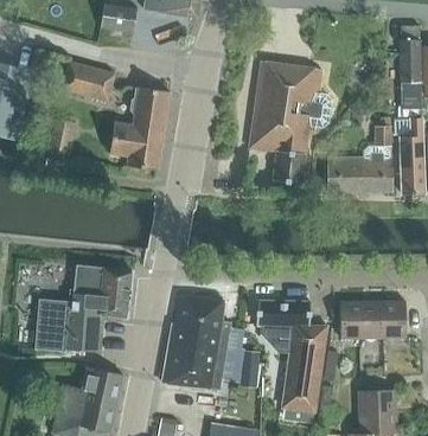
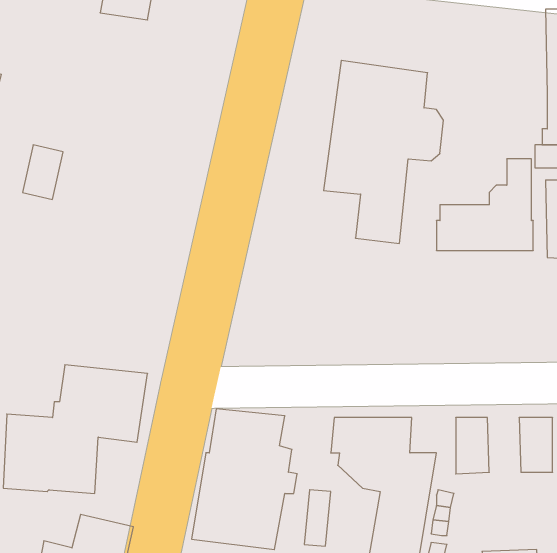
building: [60,62,114,102] -> none
building: [110,88,168,169] -> none
building: [362,301,384,338] -> none

